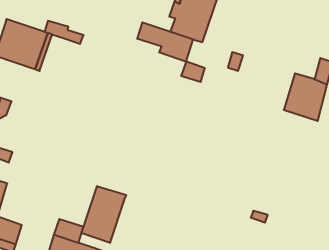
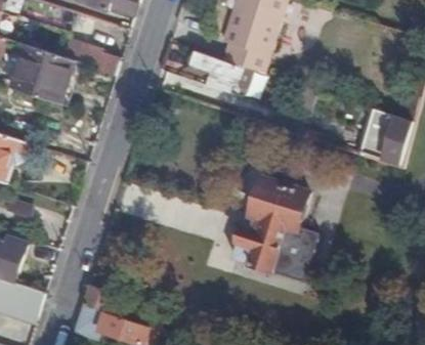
building: none -> [232,179,316,279]
building: [82,186,126,243] -> none

